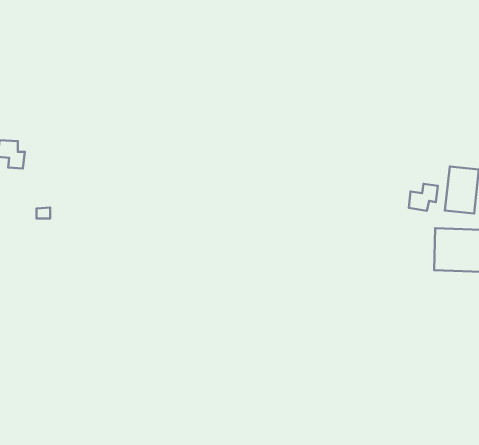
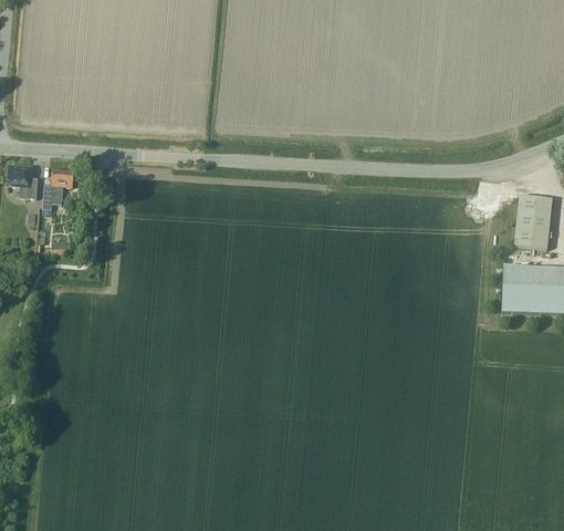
building: none -> [43,168,74,209]
building: [409,184,438,211] -> none

